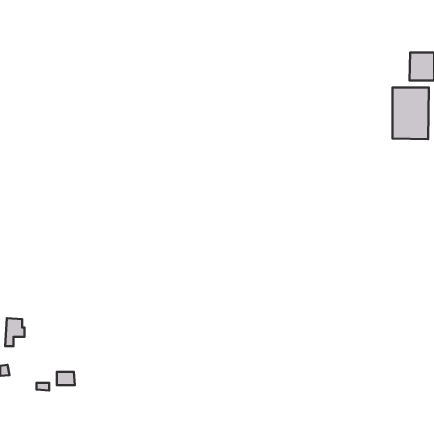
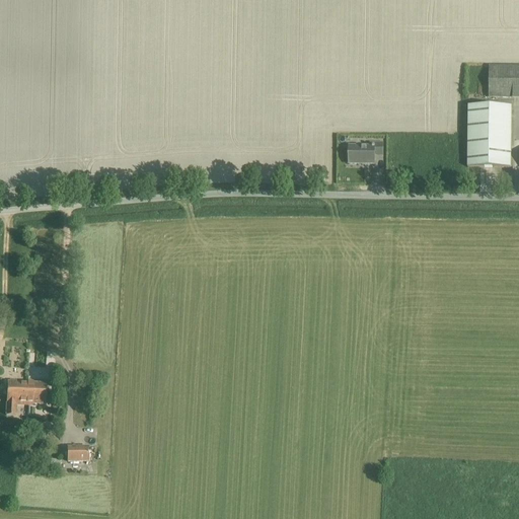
building: none -> [349,142,383,162]
building: none -> [26,381,47,403]

